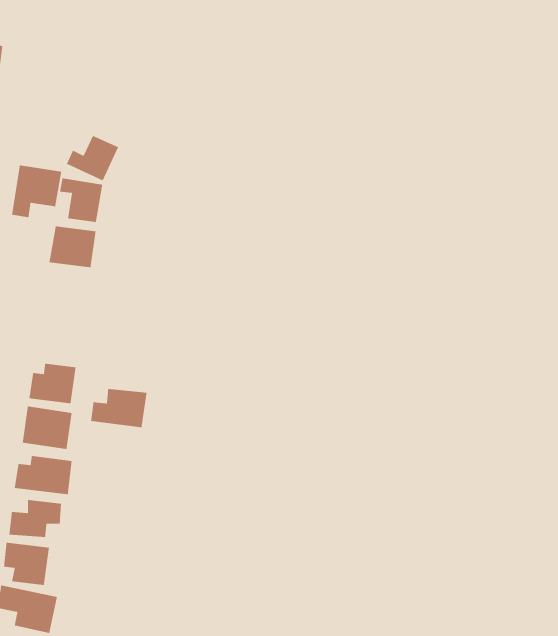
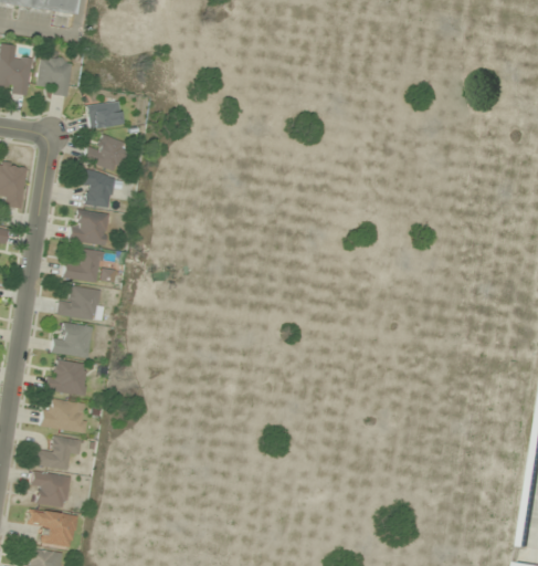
building: none -> [38,55,73,97]
building: none -> [87,102,120,129]
building: [11,164,62,218] -> none
building: none -> [64,249,102,283]
building: [90,388,147,428] -> [57,287,105,321]

